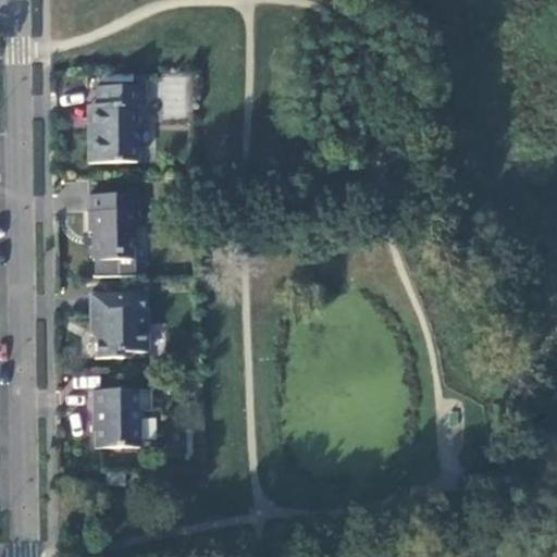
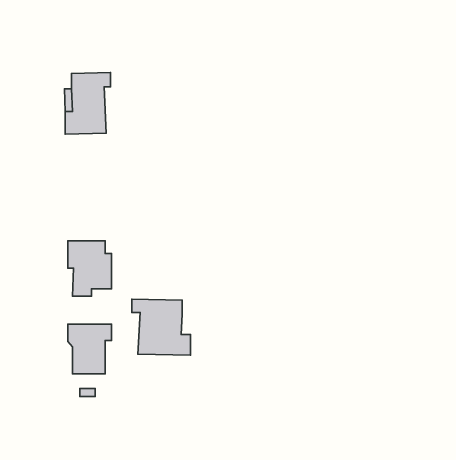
building: [88,195,138,261] -> none
building: none -> [132,299,190,355]

